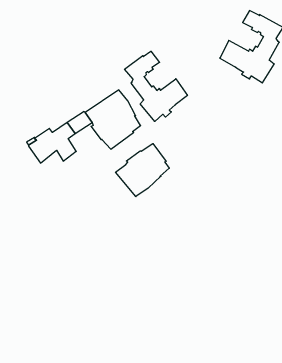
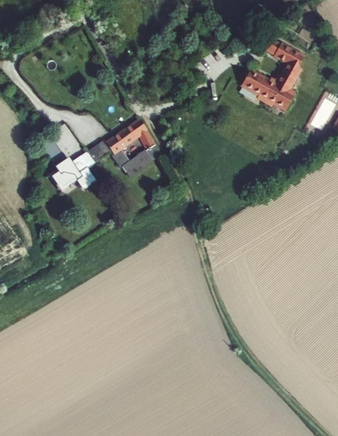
building: [125,51,187,121] -> none
building: [116,144,169,197] -> none

